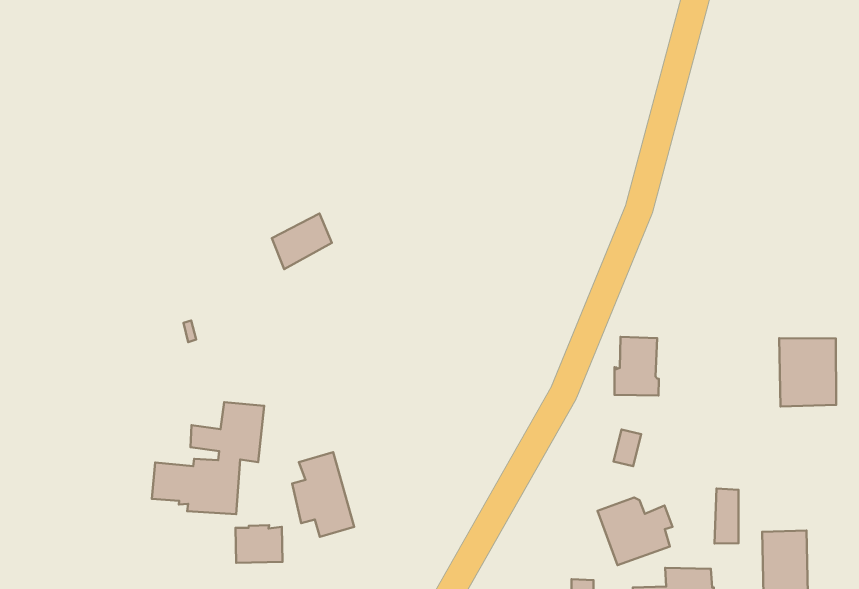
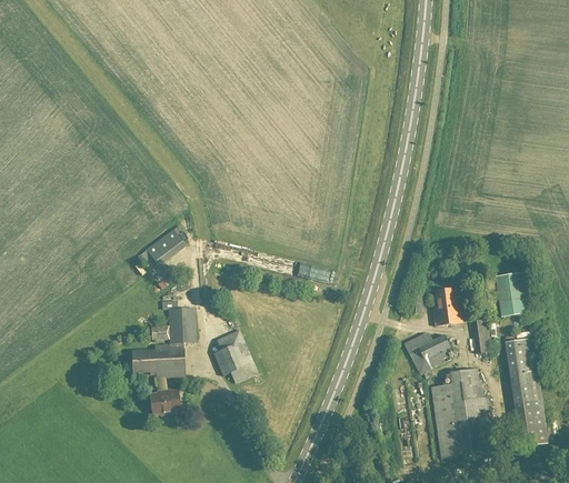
building: [272,213,332,269] -> [148,229,184,265]
building: [614,337,659,395] -> [432,288,461,325]
building: [779,338,836,406] -> [495,271,535,316]
building: [236,525,282,563] -> [150,389,181,414]

